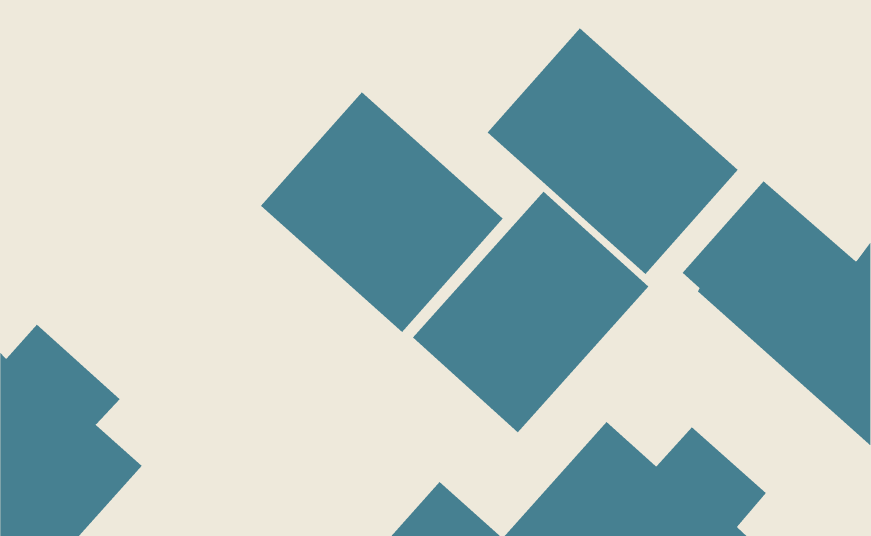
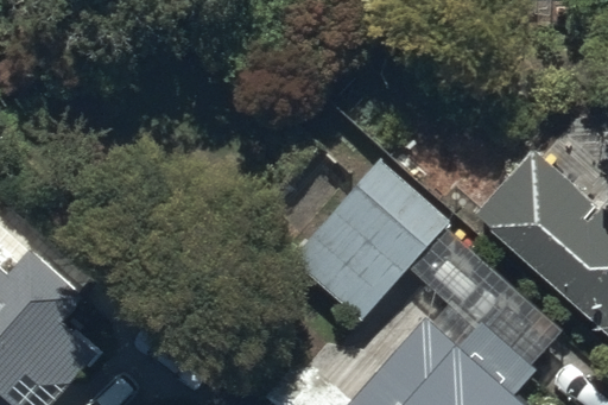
building: [487,28,739,275] -> none
building: [260,91,504,333] -> none

